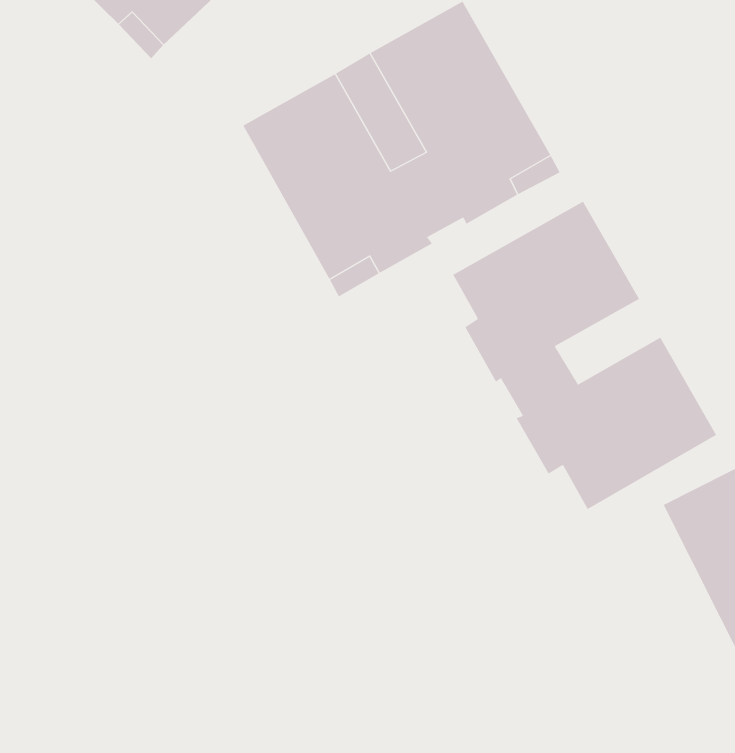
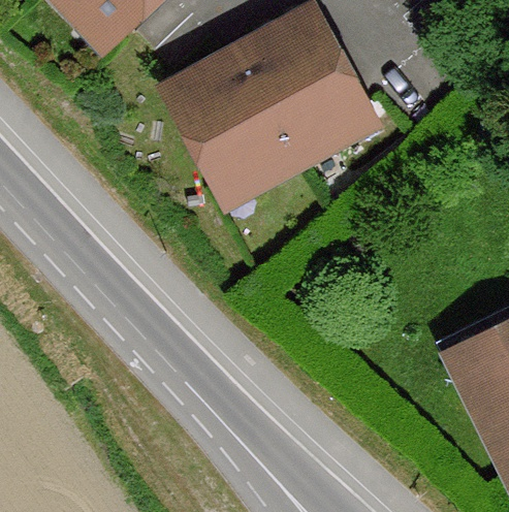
building: [452,201,717,510] -> none

